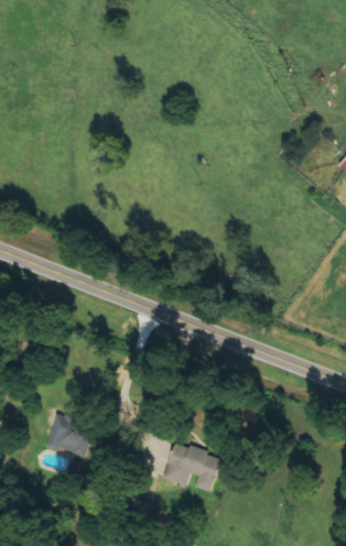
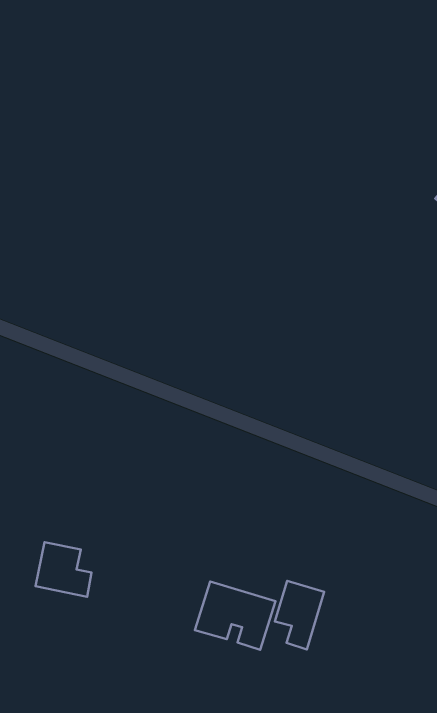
building: none -> [275,581,324,650]

